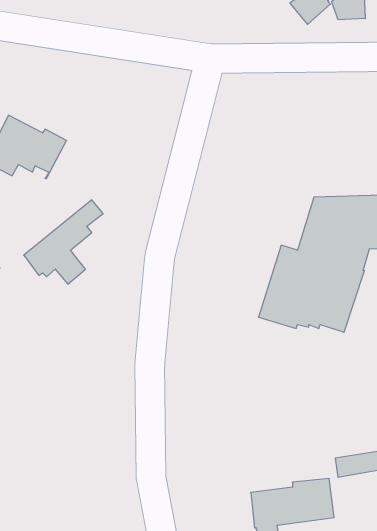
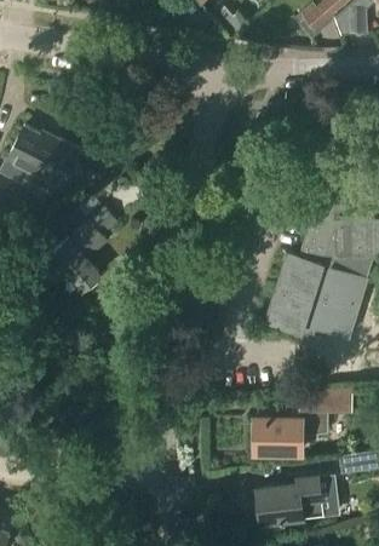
building: none -> [254,393,349,453]

